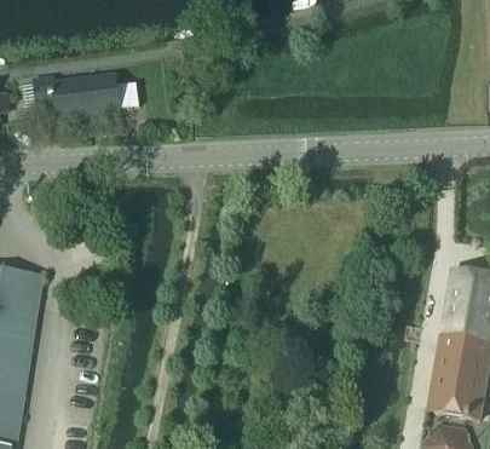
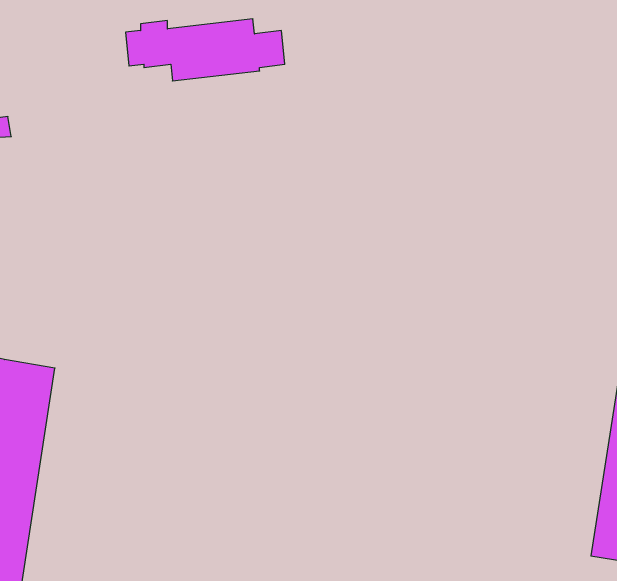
building: [22,73,137,117] -> [126,19,285,81]

